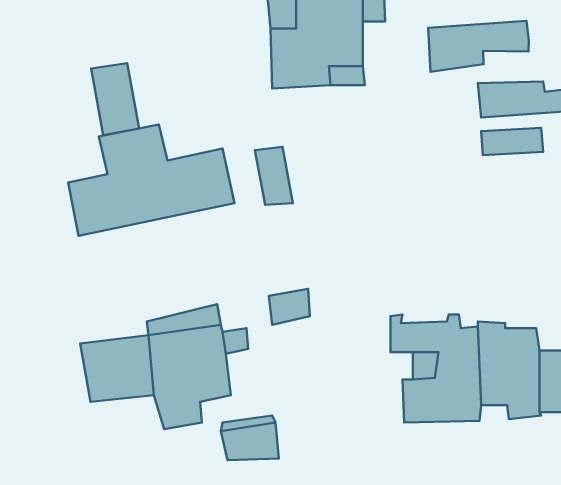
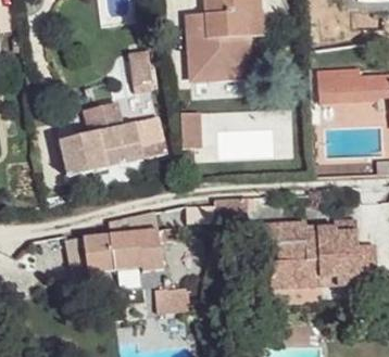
building: [428,21,529,72] -> none
building: [91,63,139,135] -> [126,49,156,94]

